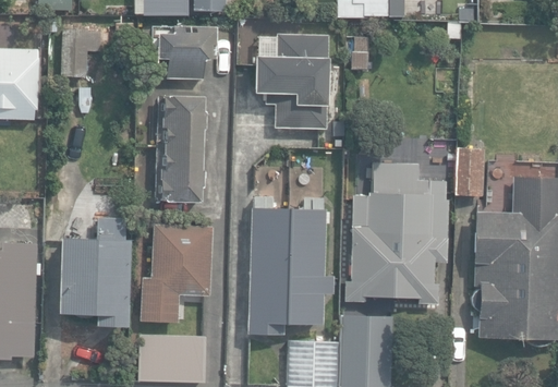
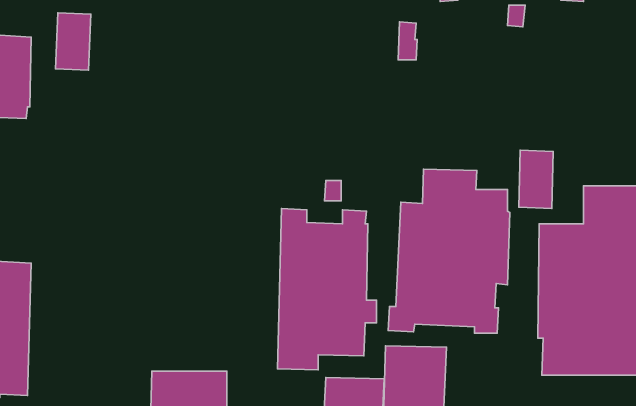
building: [151,26,216,78] -> none
building: [253,34,329,129] -> none
building: [155,96,205,201] -> none
building: [58,218,130,327] -> none
building: [140,222,213,323] -> none

